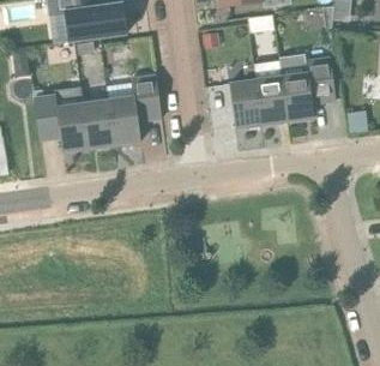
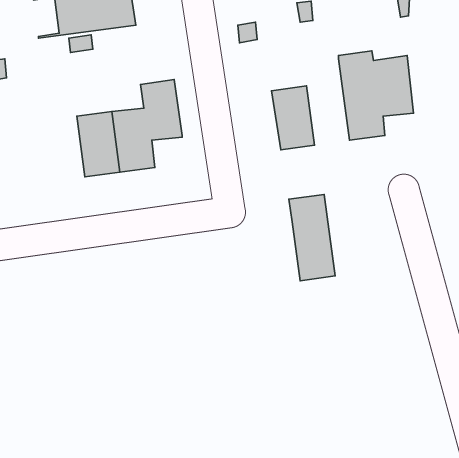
building: [253,59,288,124] -> [289,195,335,281]
building: [35,94,89,151] -> none

